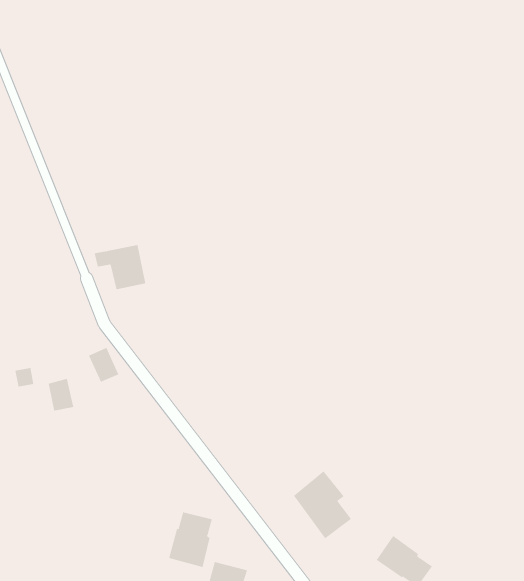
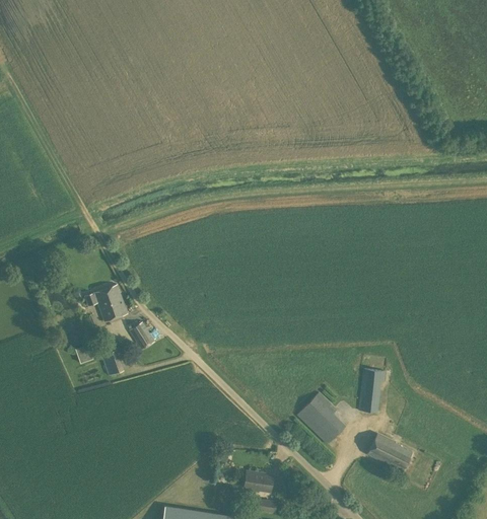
building: [94,245,146,290] -> [84,285,127,321]
building: none -> [358,370,385,413]
building: [169,511,212,568] -> none

